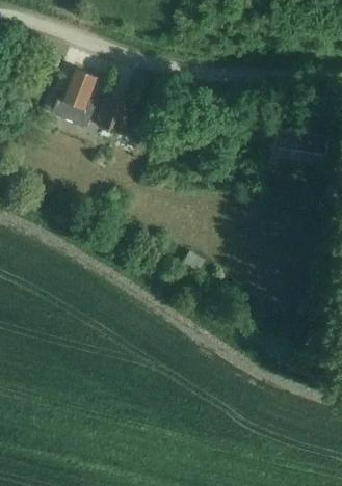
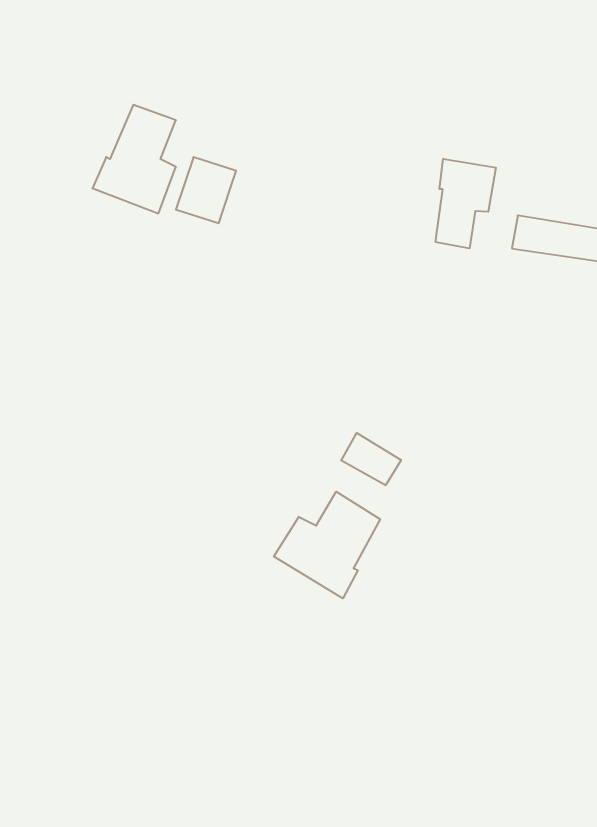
building: none -> [436,159,496,248]
building: none -> [274,492,380,598]

